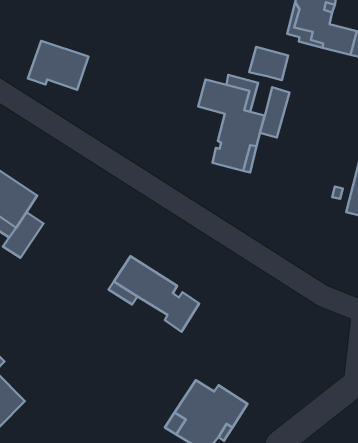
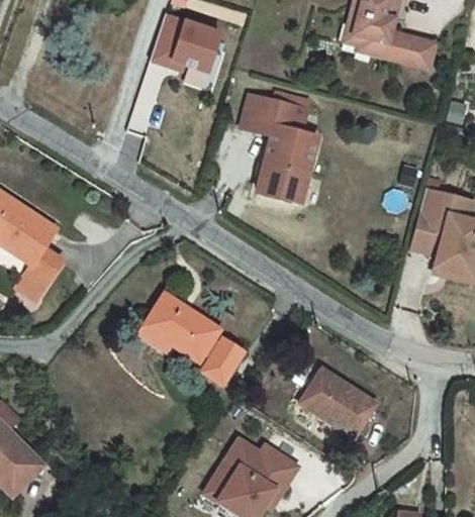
building: [28,41,89,90] -> [151,14,220,71]
building: [249,47,288,80] -> none
building: [260,87,290,138] -> none
building: none -> [299,367,377,438]

